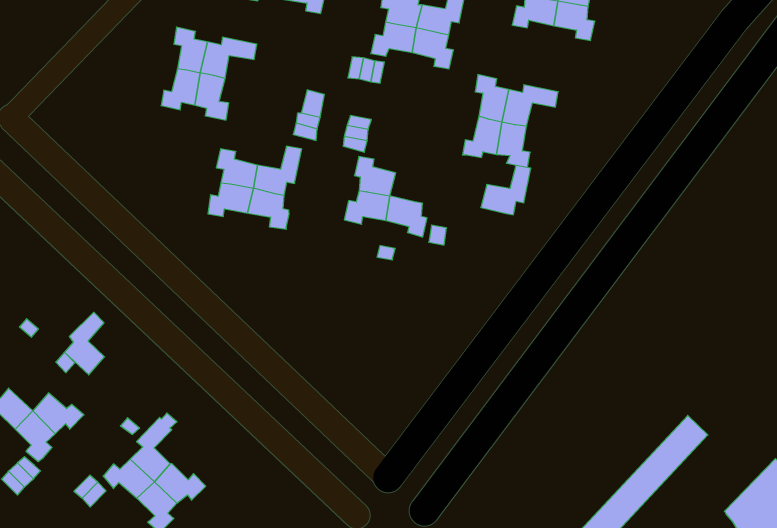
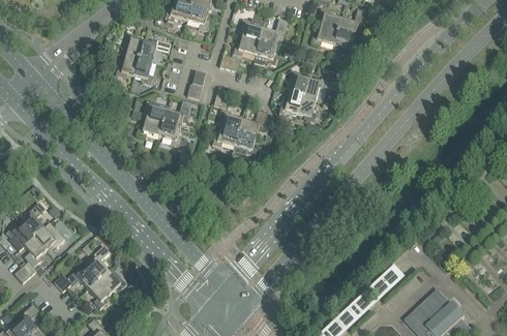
building: [481,165,531,215] -> [238,111,267,138]
building: [65,312,105,375] -> [22,203,44,237]

